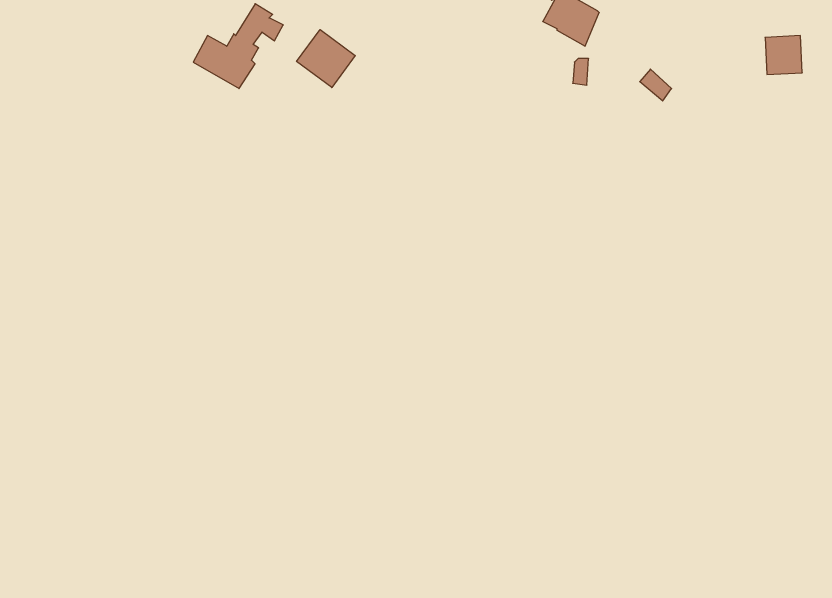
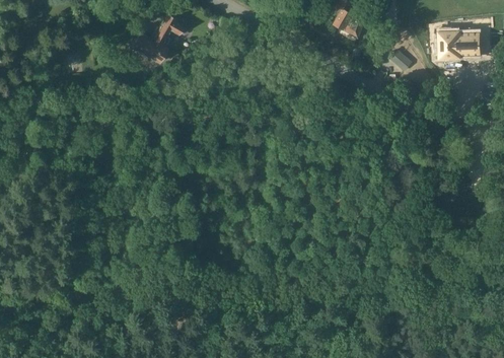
building: [297,30,355,88] -> none
building: none -> [441,32,462,59]

